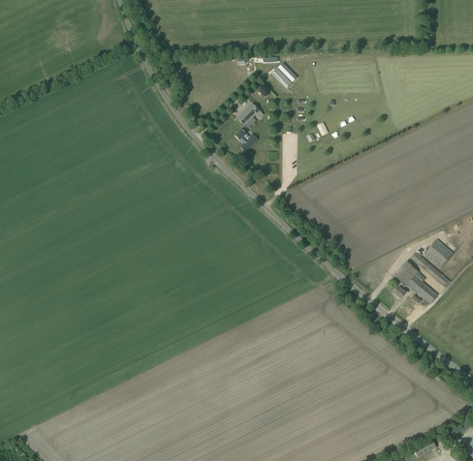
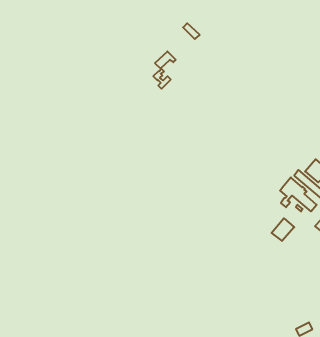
building: none -> [272,218,294,241]

